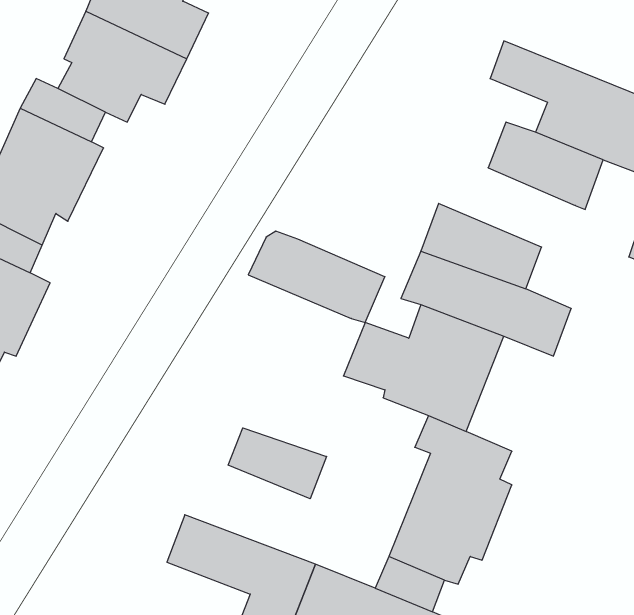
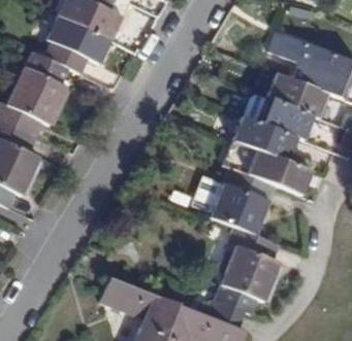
building: [248,231,385,322] -> [243,92,314,139]
building: [228,428,327,499] -> none

